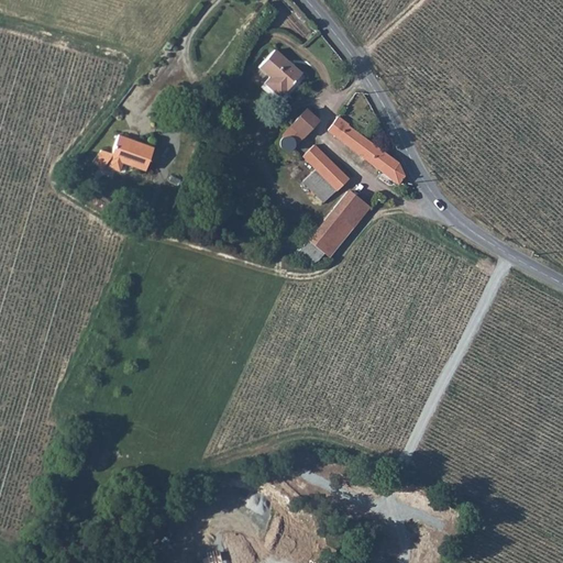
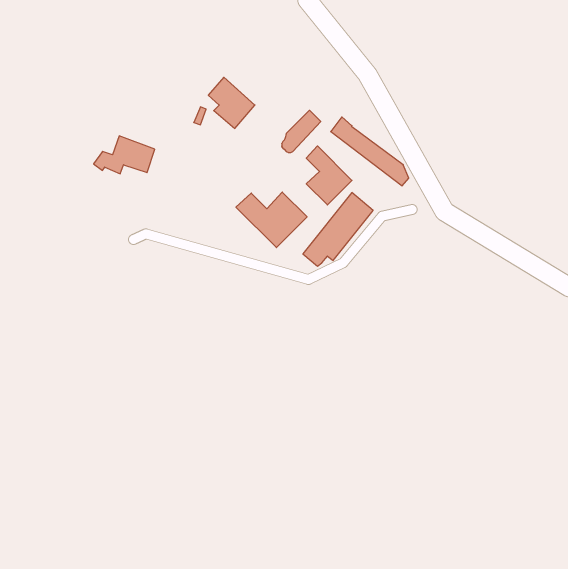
building: [260,49,306,100] -> [208,77,255,128]
building: none -> [236,192,307,248]

